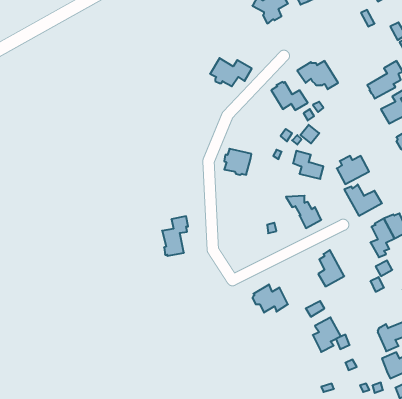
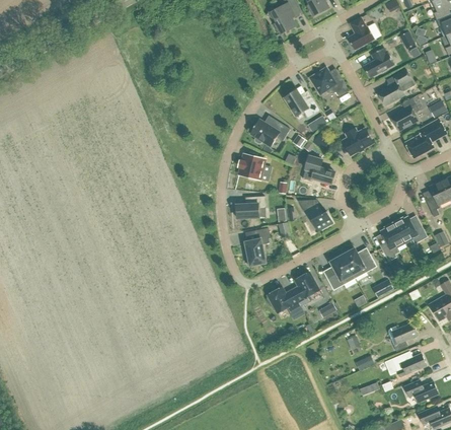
building: none -> [348,17,374,50]
building: none -> [363,48,393,77]
building: [210,58,252,86] -> [249,119,290,146]
building: [337,156,369,184] -> [342,128,373,155]
building: [344,184,382,216] -> [341,247,377,278]
building: none -> [234,196,265,218]
building: [162,216,188,256] -> [244,227,270,266]
building: [313,317,341,352] -> [292,272,319,305]

